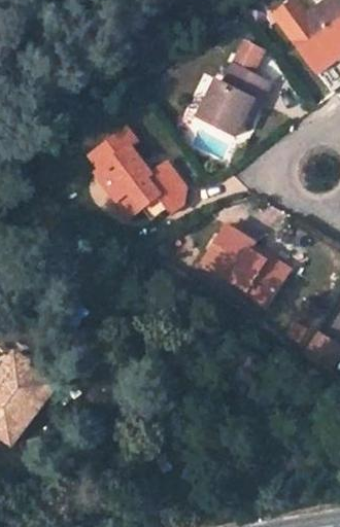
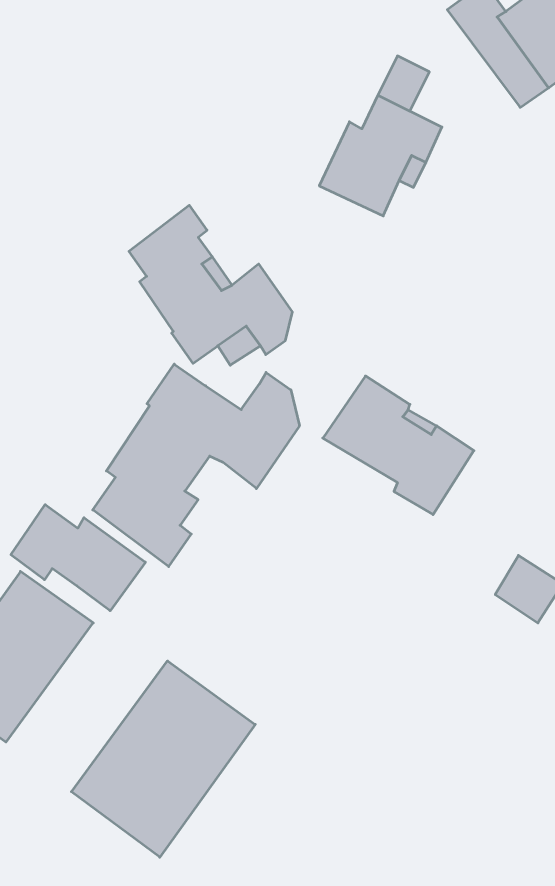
building: none -> [93,364,299,567]
building: none -> [11,505,145,611]
building: none -> [71,661,255,857]

